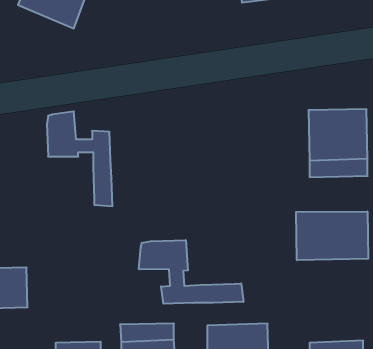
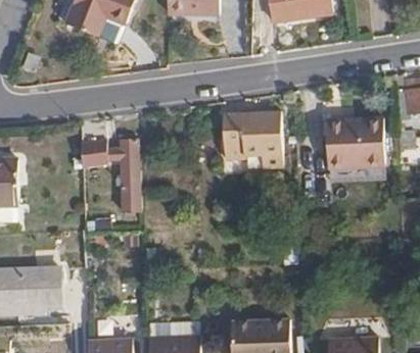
building: none -> [226,112,284,169]
building: [296,211,368,260] -> none
building: [139,240,243,304] -> none

